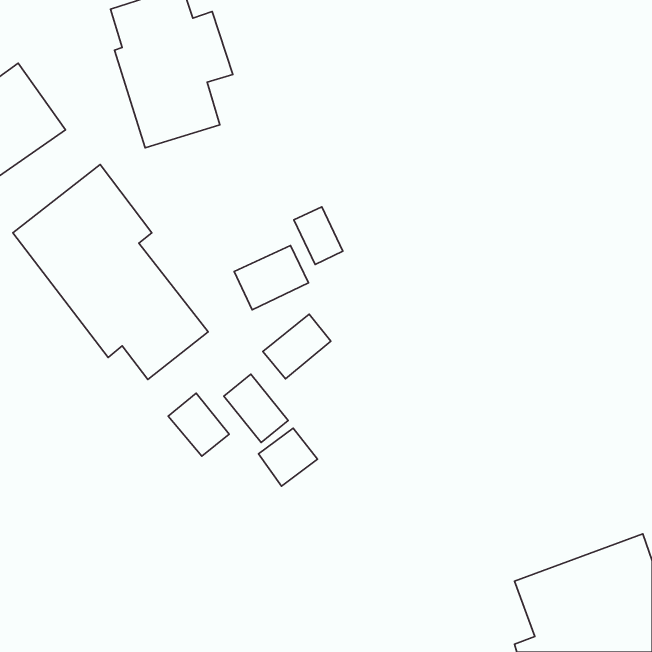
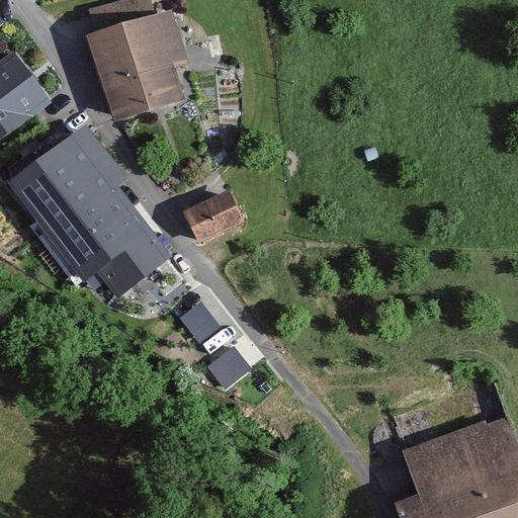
building: [294,207,343,264] -> none
building: [263,314,331,379] -> none
building: [168,393,229,456] -> none

